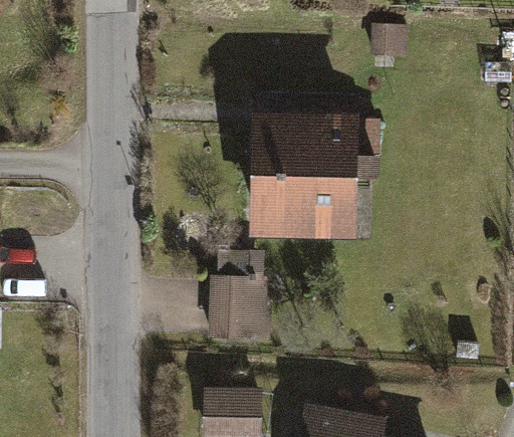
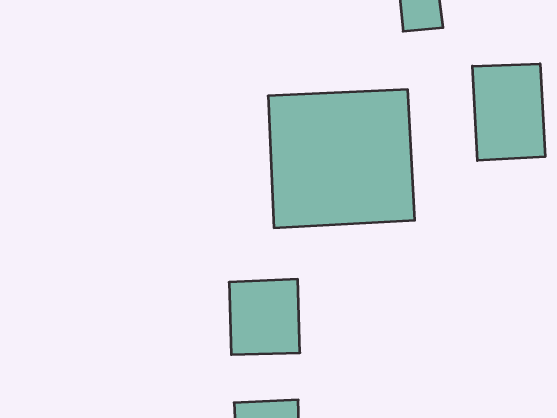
building: none -> [472,64,545,161]

